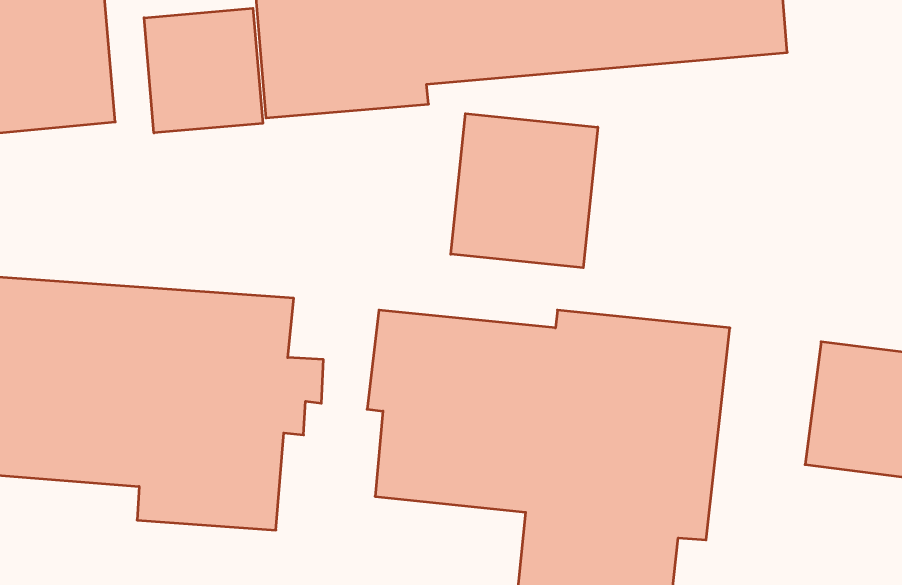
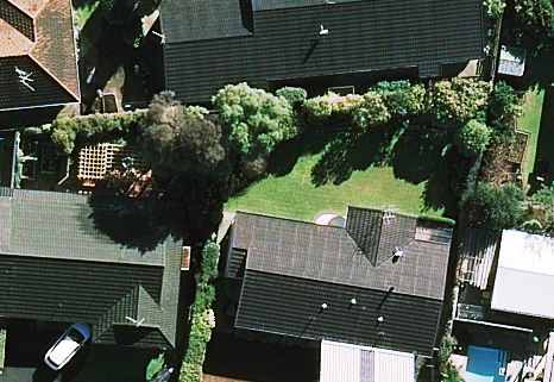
building: [144,8,263,133] -> none
building: [451,114,598,268] -> none

